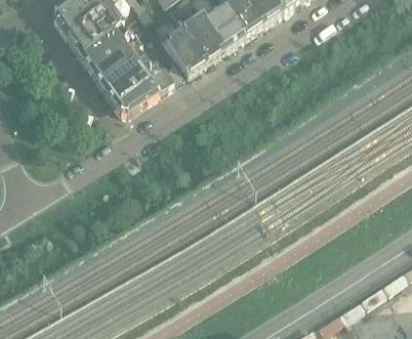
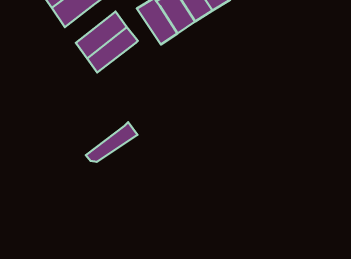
building: [79,27,134,70] -> none
building: [115,66,172,110] -> [86,122,137,162]

